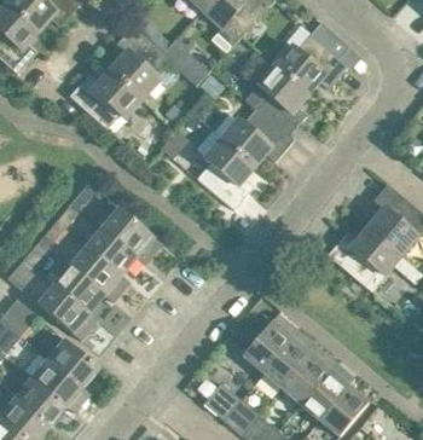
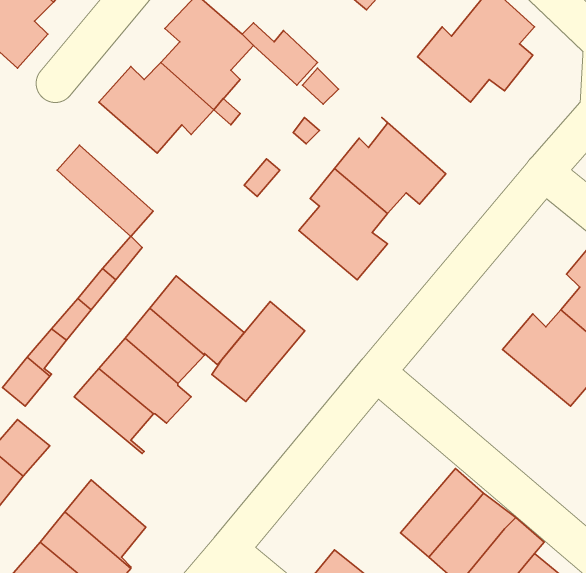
building: [250,66,307,141] -> none
building: none -> [57,145,153,236]
building: none -> [212,302,305,402]
building: [37,284,97,340] -> none
building: [243,313,297,371] -> none

